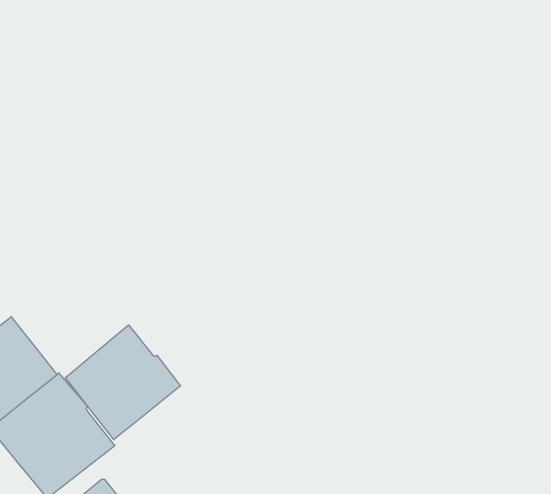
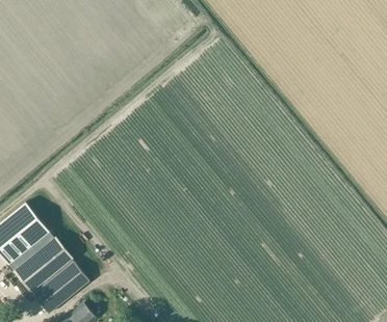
building: [65,325,180,440] -> none

